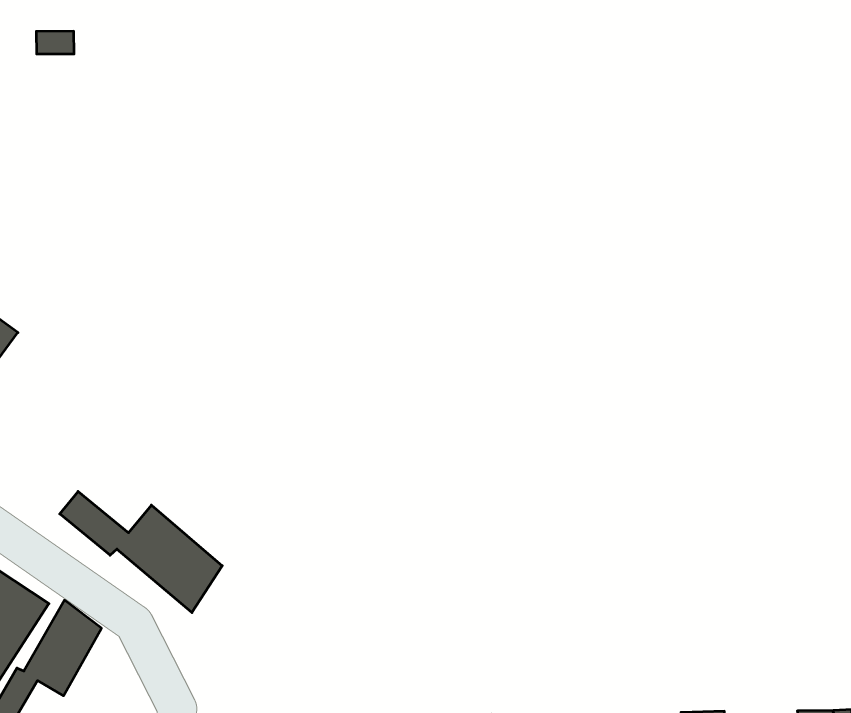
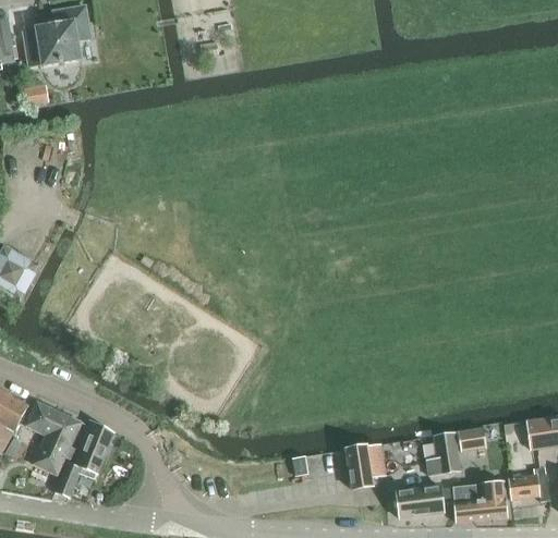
building: [60,491,222,613] -> none

